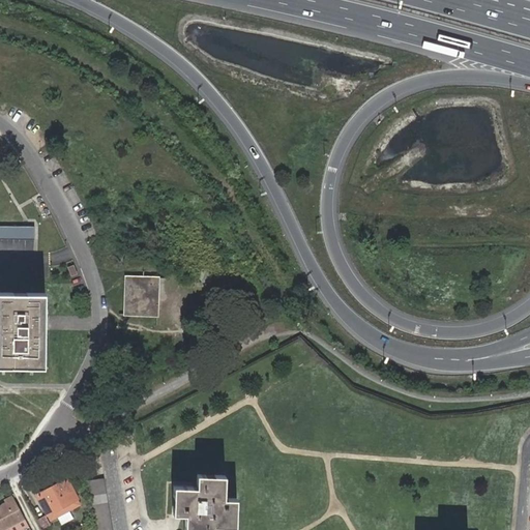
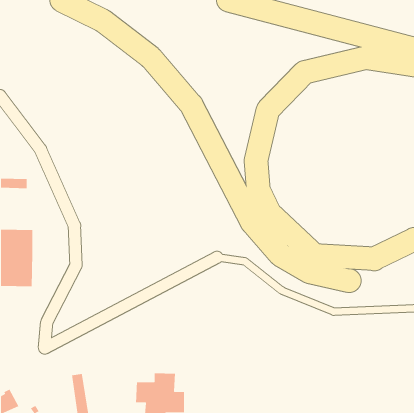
building: [124,279,157,318] -> none
building: [36,481,79,523] -> none

